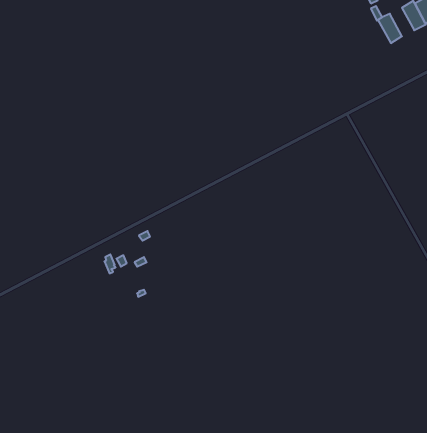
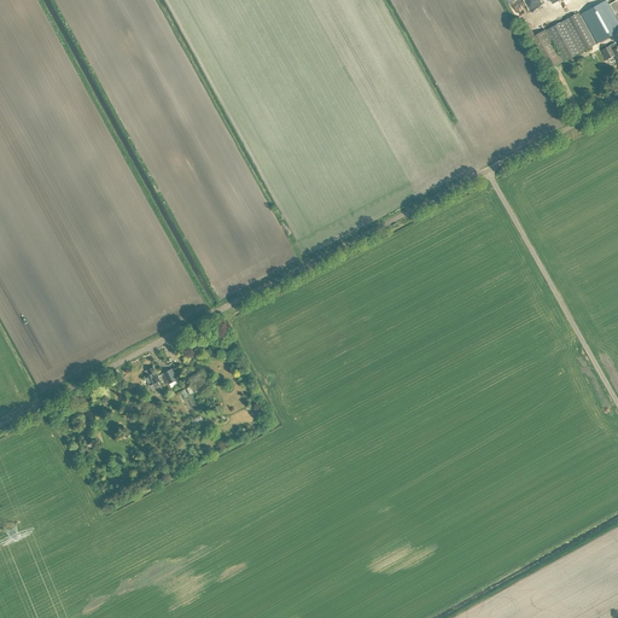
building: none -> [566,11,599,51]

